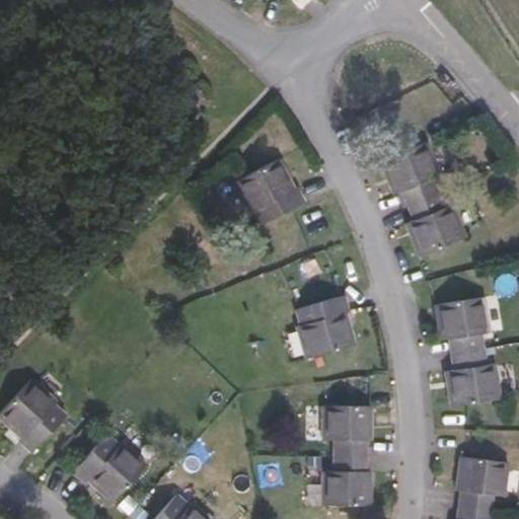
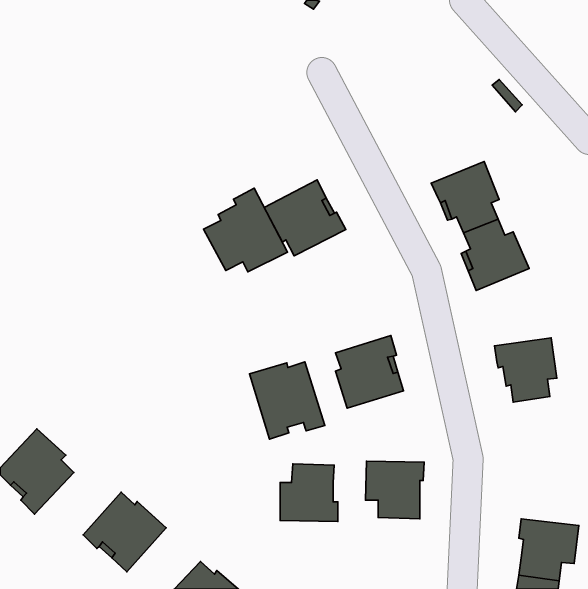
building: none -> [204,188,287,272]
building: none -> [250,362,325,439]
building: [448,349,501,406] -> none
building: [322,455,373,506] -> [280,464,338,522]

